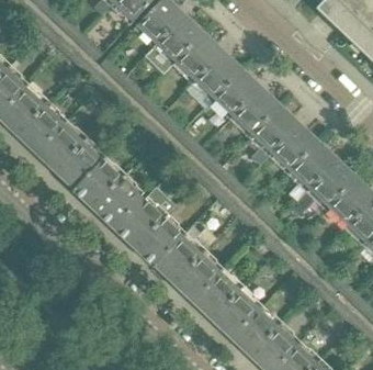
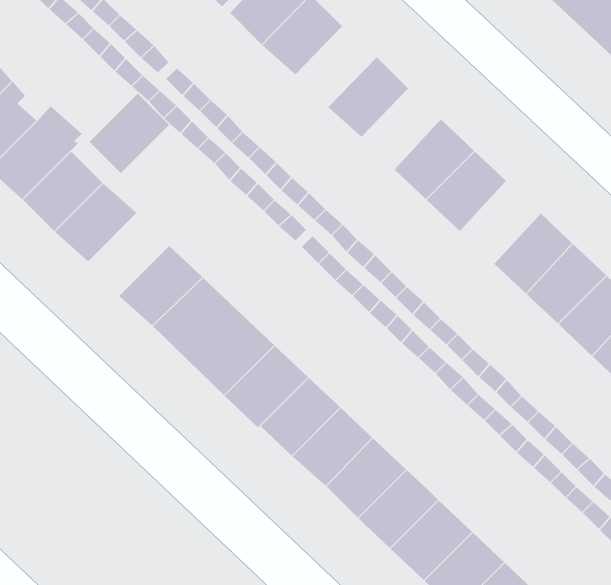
building: [176,33,223,80] -> none
building: [214,69,260,116] -> none
building: [271,123,318,171] -> none
building: [55,142,102,189] -> [89,93,170,174]

